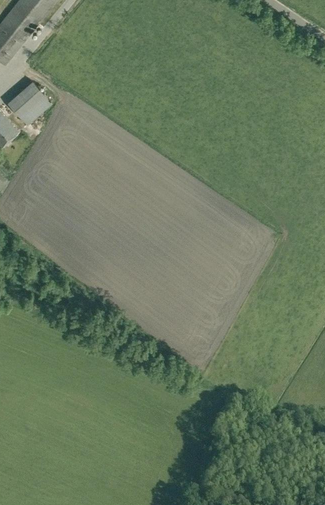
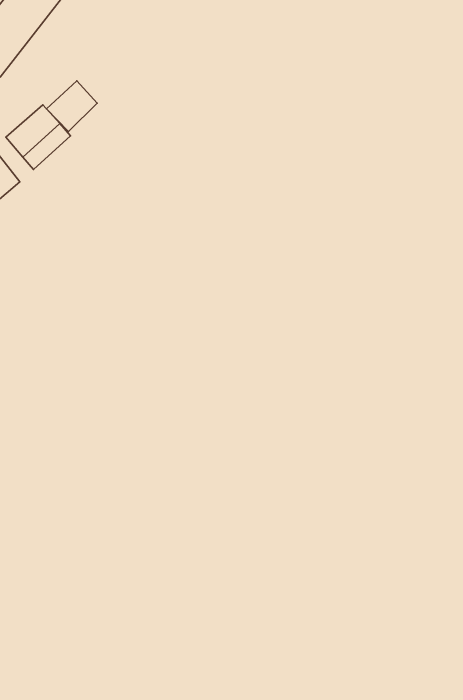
building: none -> [47,81,97,131]

